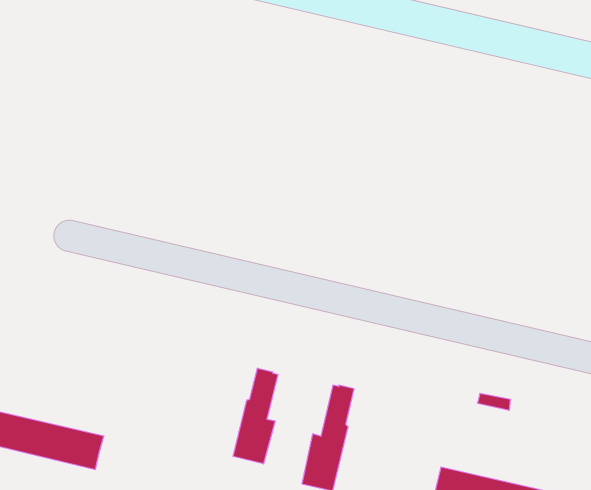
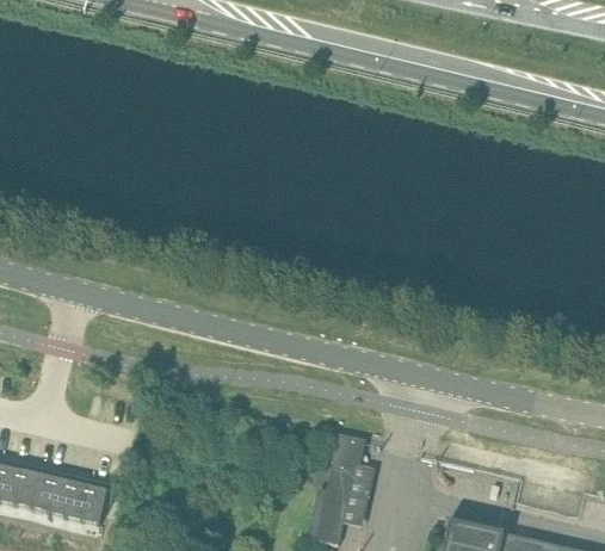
building: [233,368,278,464] -> none

